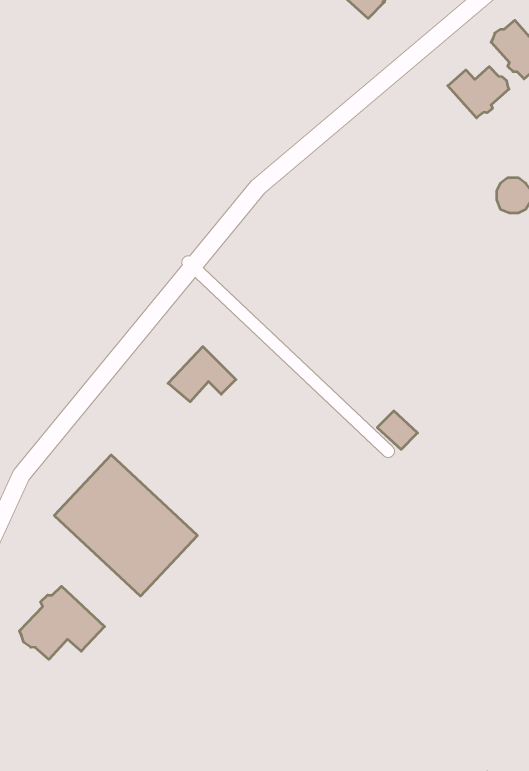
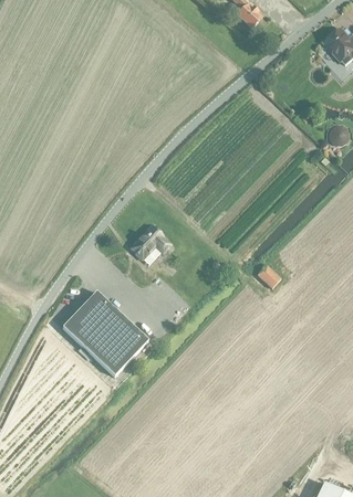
building: [448,67,509,118] -> none
building: [19,586,105,659] -> none

